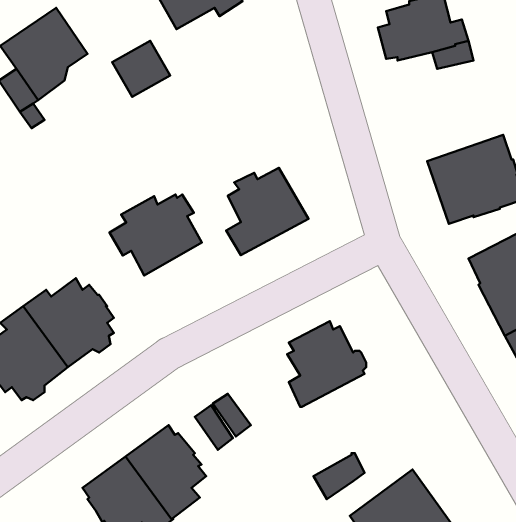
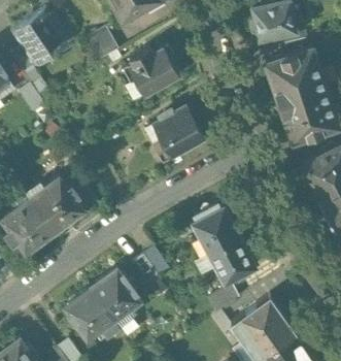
building: none -> [266,48,327,104]
building: [110,195,202,275] -> [123,46,180,97]
building: none -> [196,237,257,286]

